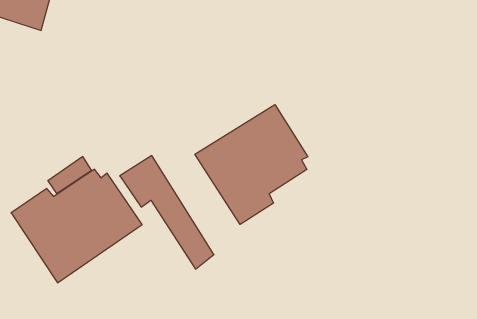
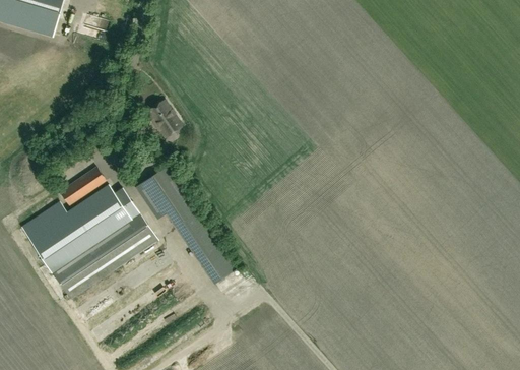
building: none -> [146,102,180,138]
building: [195,105,308,224] -> none

